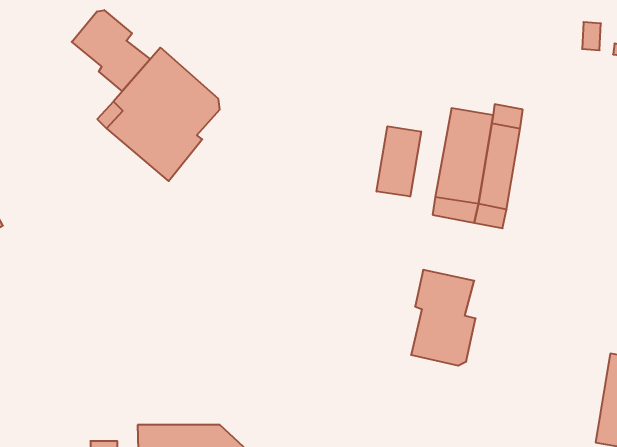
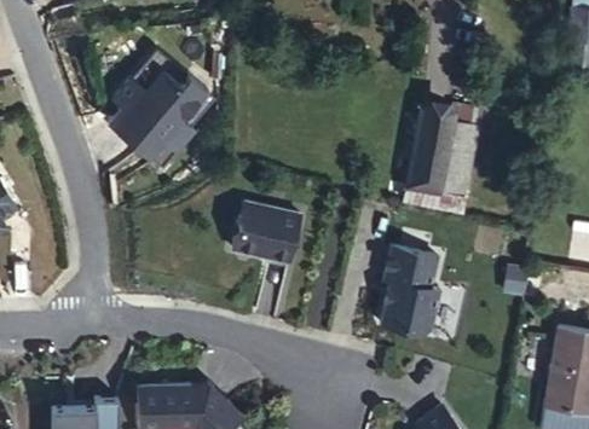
building: [72,10,150,91] -> none
building: [377,126,421,197] -> none
building: none -> [233,202,299,261]

